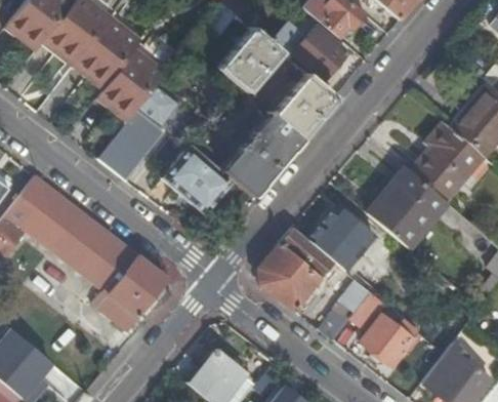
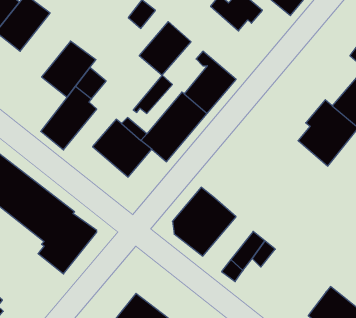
building: [75,16,142,86] -> none
building: [292,25,347,80] -> none
building: [372,170,446,246] -> none
building: [309,211,374,271] -> none
building: [362,316,412,366] -> none

